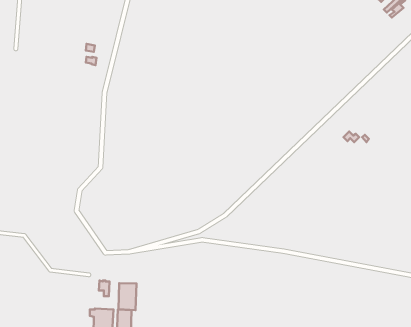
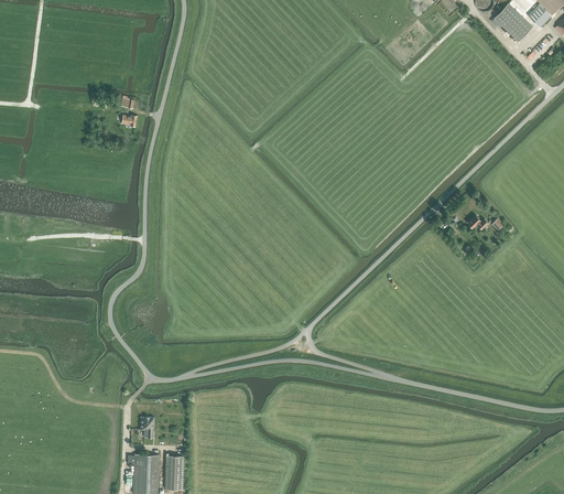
building: [118,283,136,310] -> none

